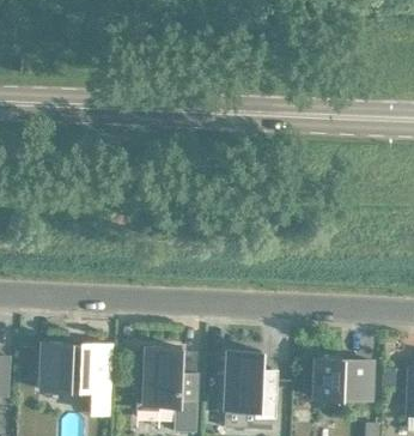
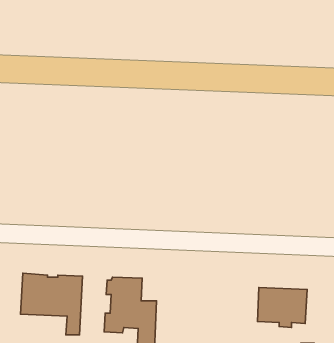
building: [225,350,275,417] -> none

